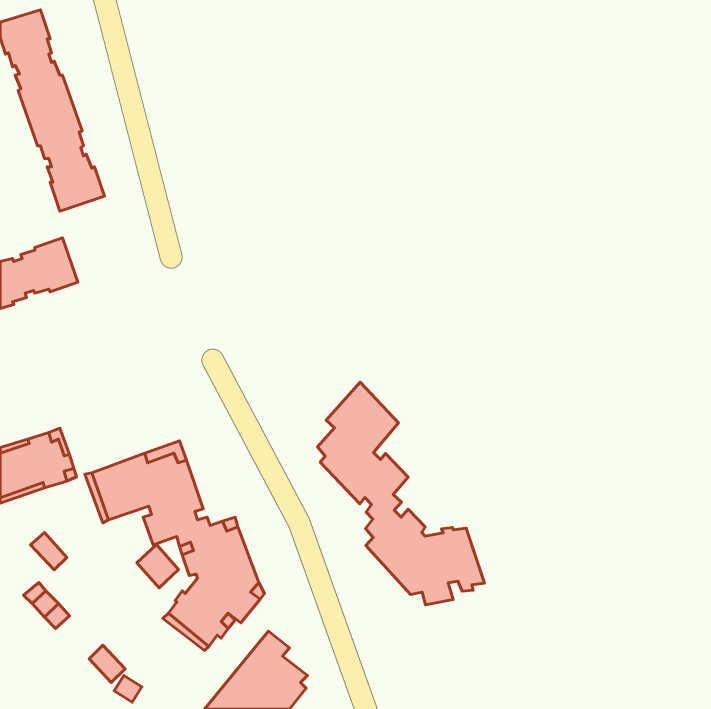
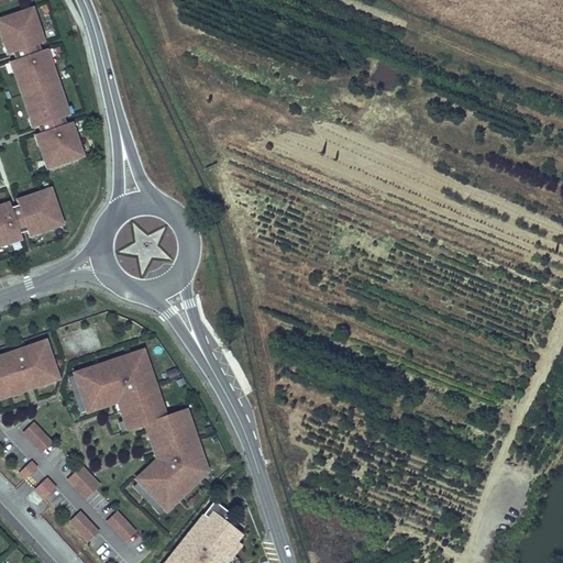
building: [317,382,485,605] -> none
building: [137,545,179,588] -> [68,464,101,498]
building: none -> [107,509,136,540]

